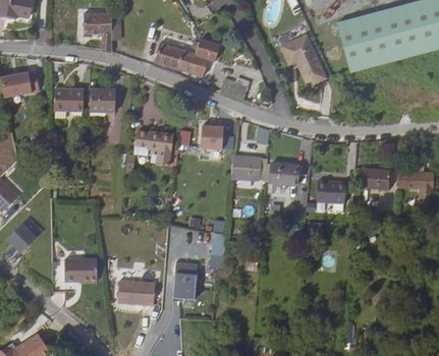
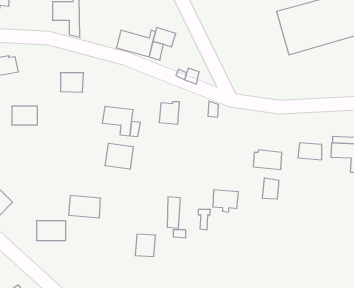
building: [277,32,326,84] -> none
building: [55,90,85,111] -> [12,106,37,125]
building: [234,155,269,179] -> none
building: [272,165,301,190] -> [213,190,238,212]
building: none -> [105,143,133,169]
building: none -> [262,178,279,199]
building: [120,282,157,307] -> [69,196,101,218]

